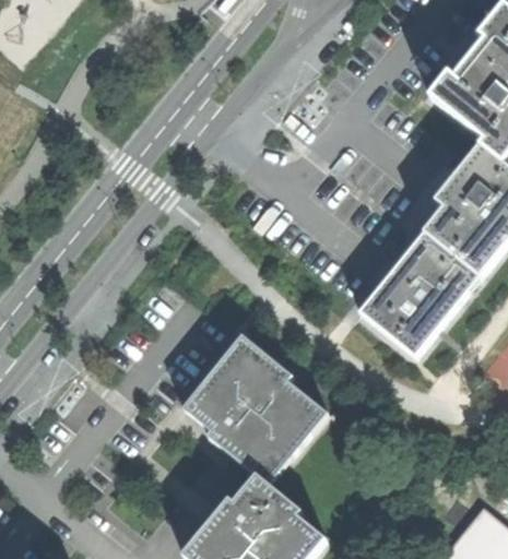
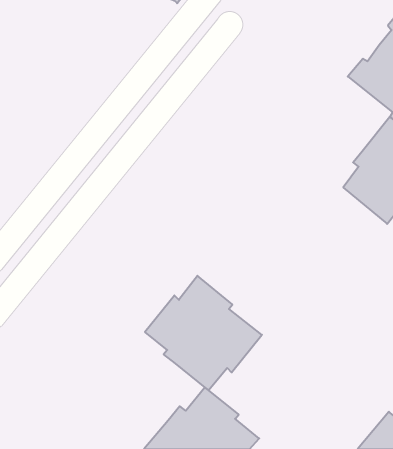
building: [361,231,479,355] -> none

